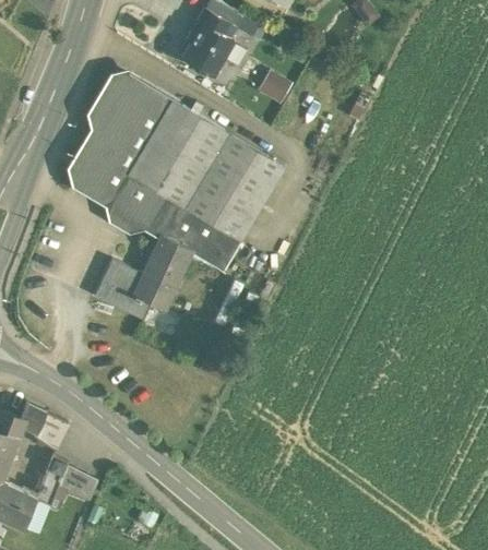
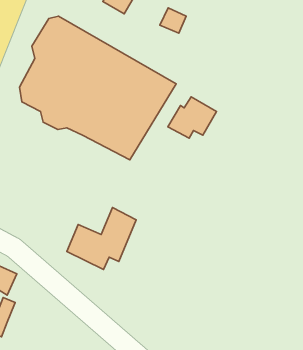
building: none -> [168,97,216,138]
building: [96,237,189,320] -> [67,208,136,270]
building: [57,463,98,499] -> none

